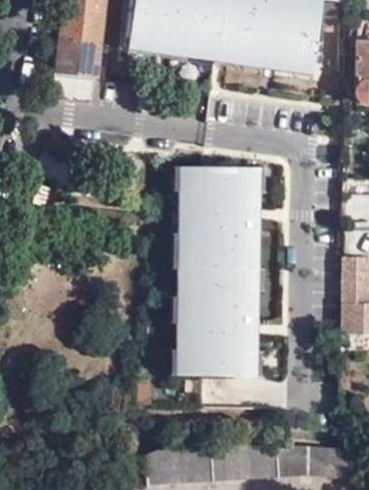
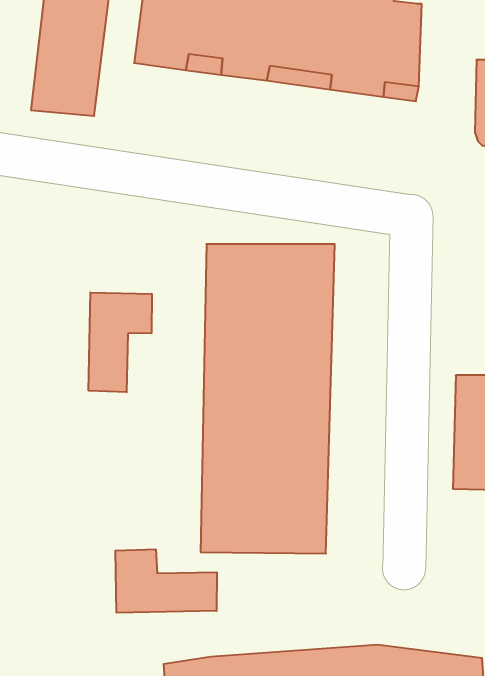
building: none -> [89,292,152,392]
building: none -> [116,549,217,613]

